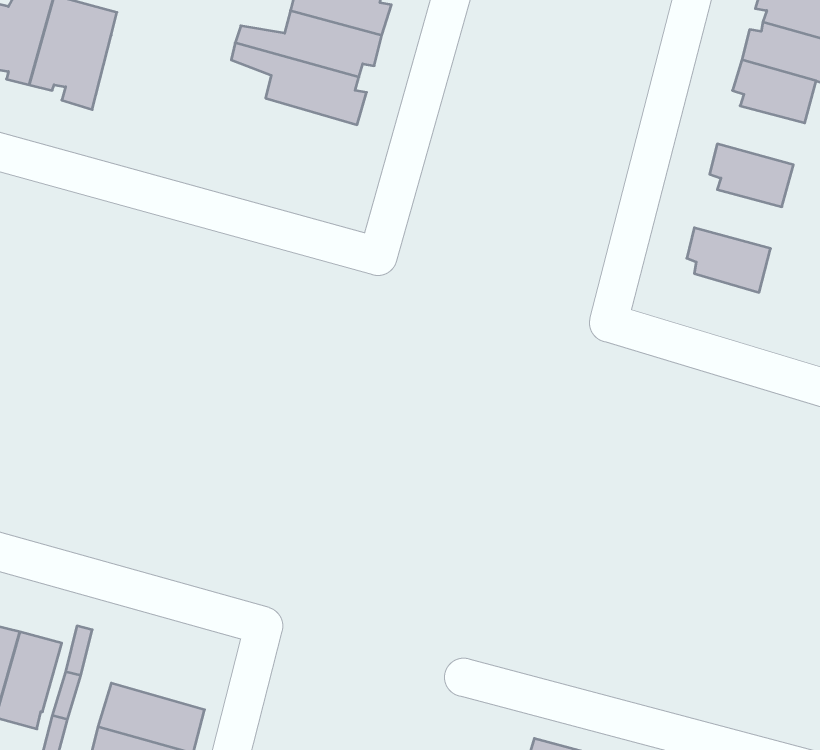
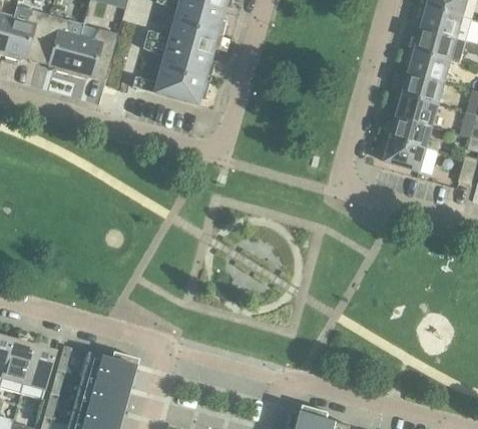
building: none -> [69,27,117,80]
building: none -> [131,68,208,104]
building: none -> [398,72,444,103]
building: none -> [386,116,437,149]
building: none -> [79,352,137,390]

